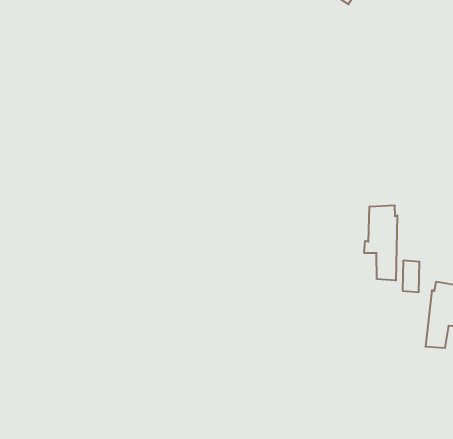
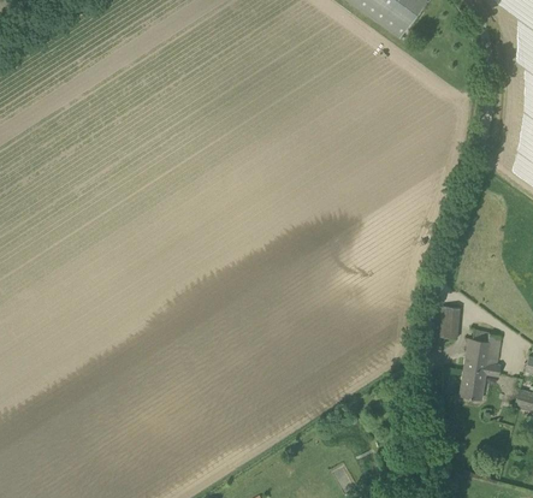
building: [364,205,397,281] -> none

